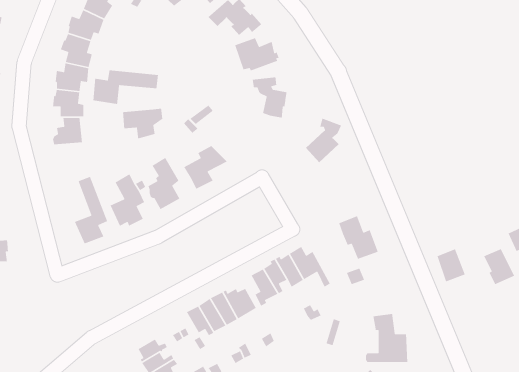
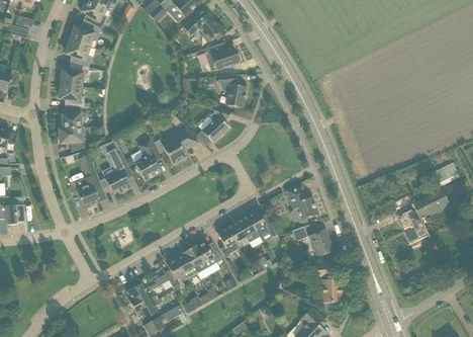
building: [92,69,159,105] -> none
building: [122,108,163,140] -> [59,127,91,152]
building: [305,117,342,163] -> [201,106,230,143]
building: [437,248,466,282] -> [309,230,333,257]

